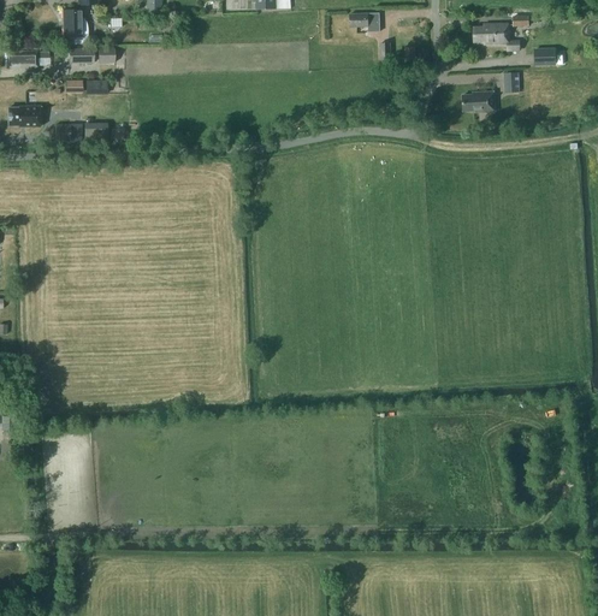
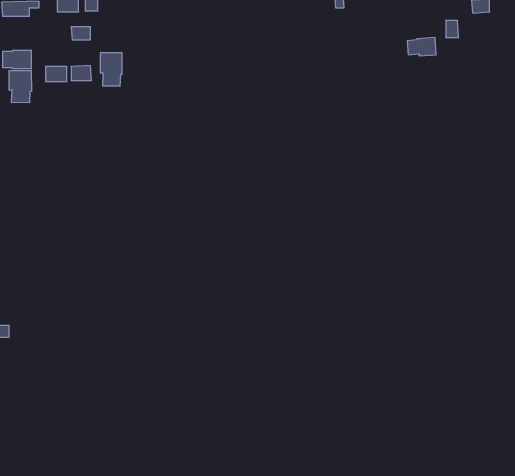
building: none -> [101,52,122,86]
building: none -> [9,70,31,103]

